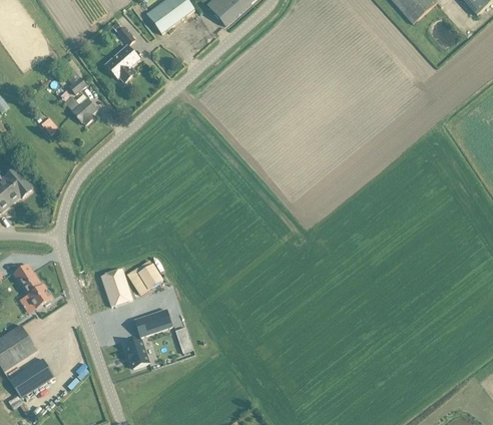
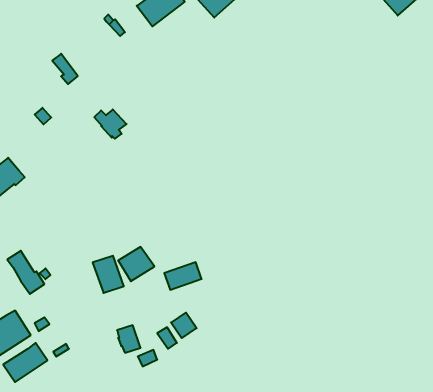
building: [107,46,139,81] -> none
building: [64,93,97,123] -> [94,109,127,139]
building: [134,308,172,336] -> [164,262,202,290]

